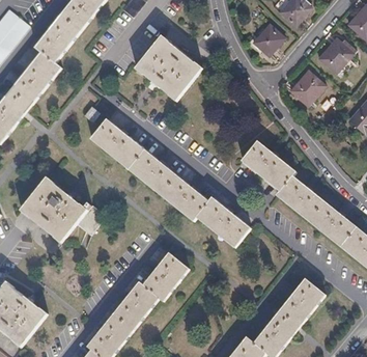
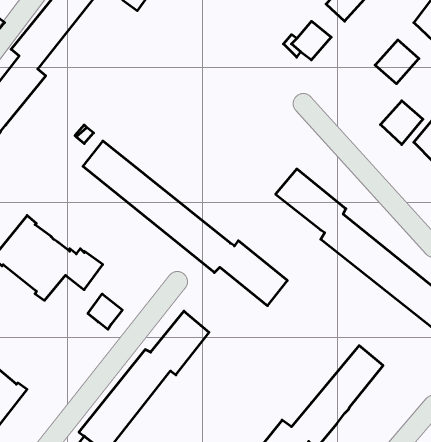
building: [135,35,202,101] -> none
building: [290,72,323,106] -> [380,101,423,145]
building: none -> [88,294,122,329]

